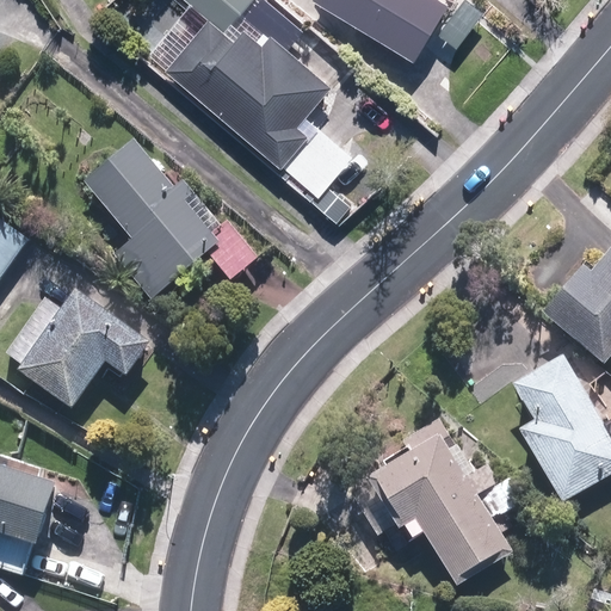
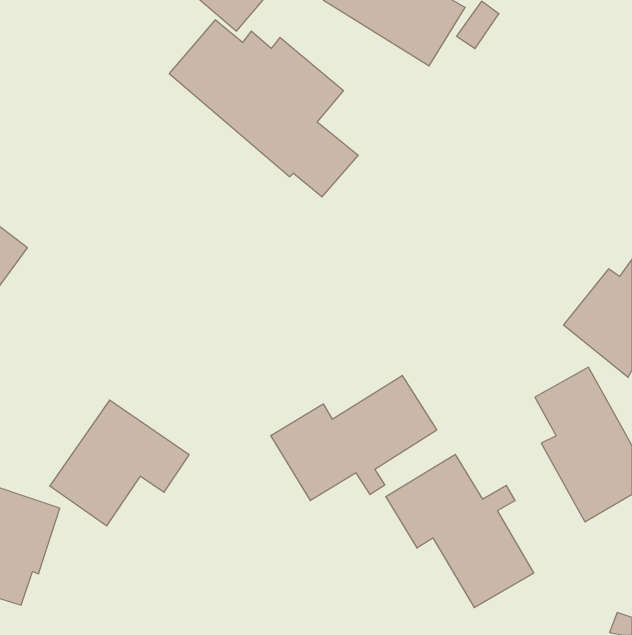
building: [82,136,254,297] -> none
building: [17,285,150,406] -> [50,400,189,526]
building: none -> [271,375,437,501]

